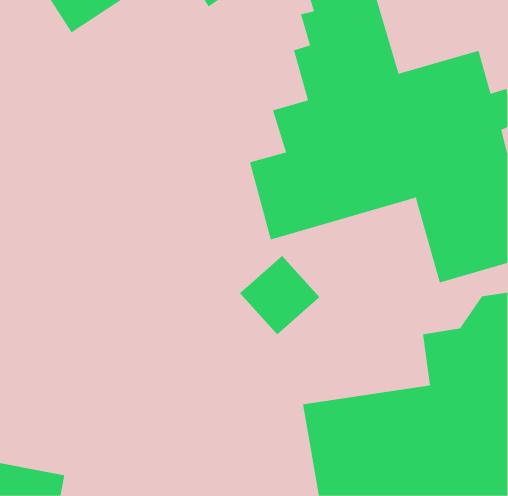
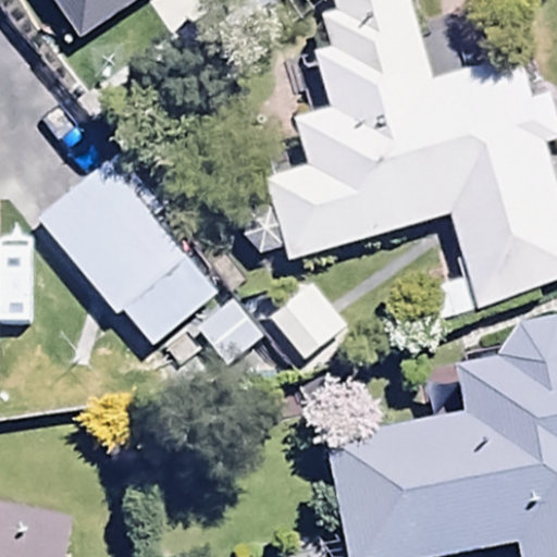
building: none -> [37,157,218,347]

